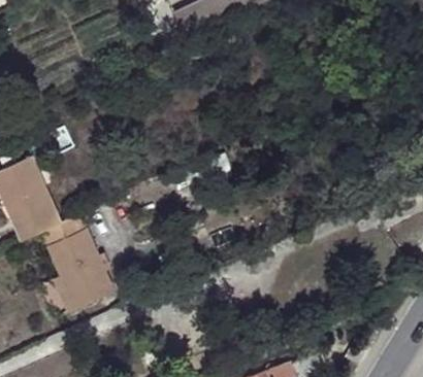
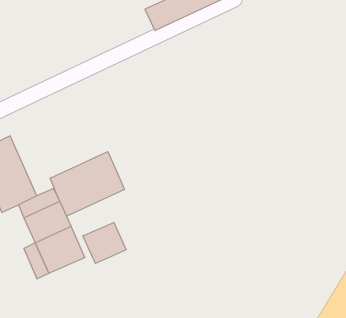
building: none -> [50,152,124,216]
building: none -> [83,222,126,263]

